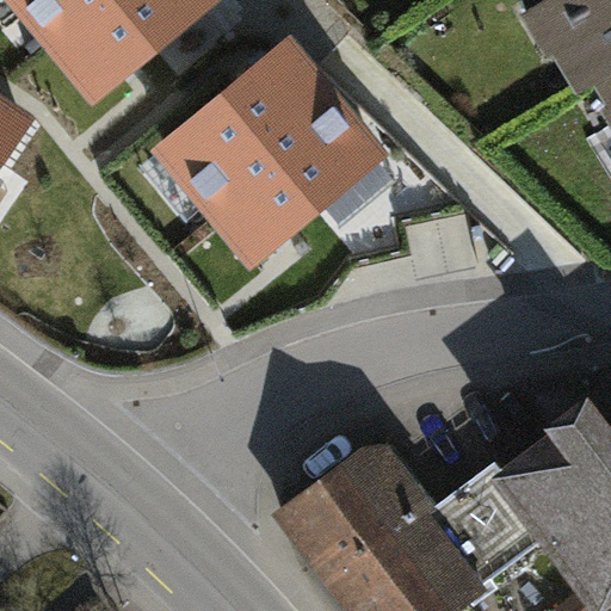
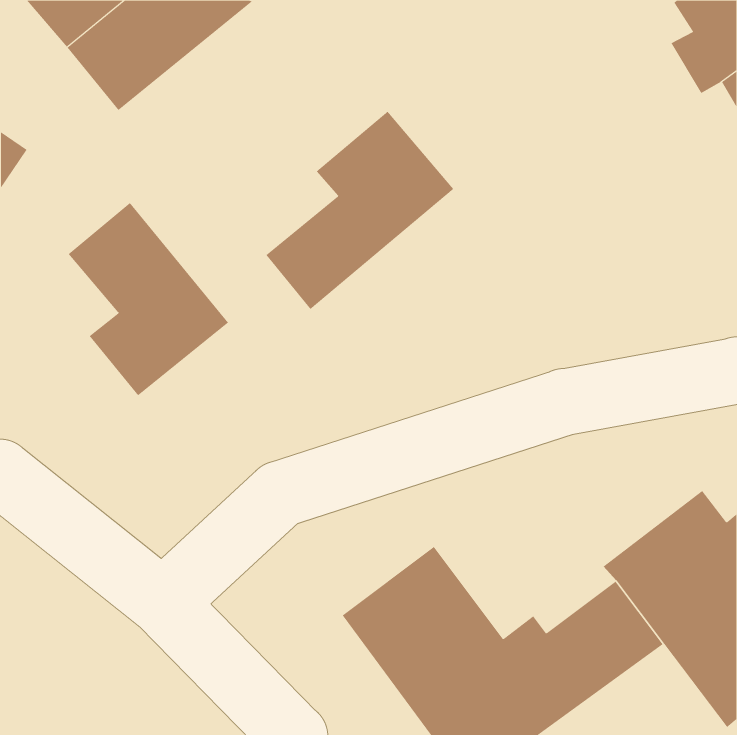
building: [165,49,321,212] -> none
building: none -> [68,202,229,396]

